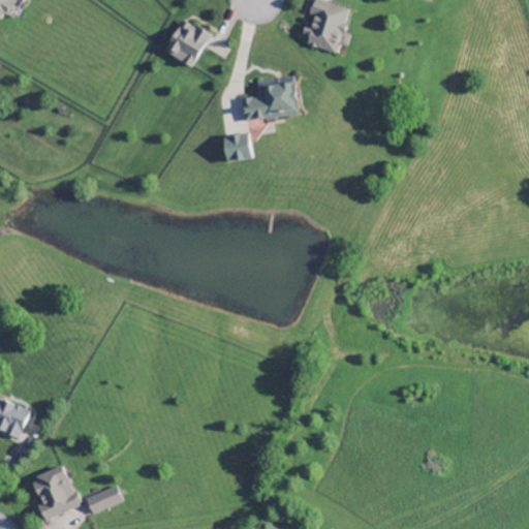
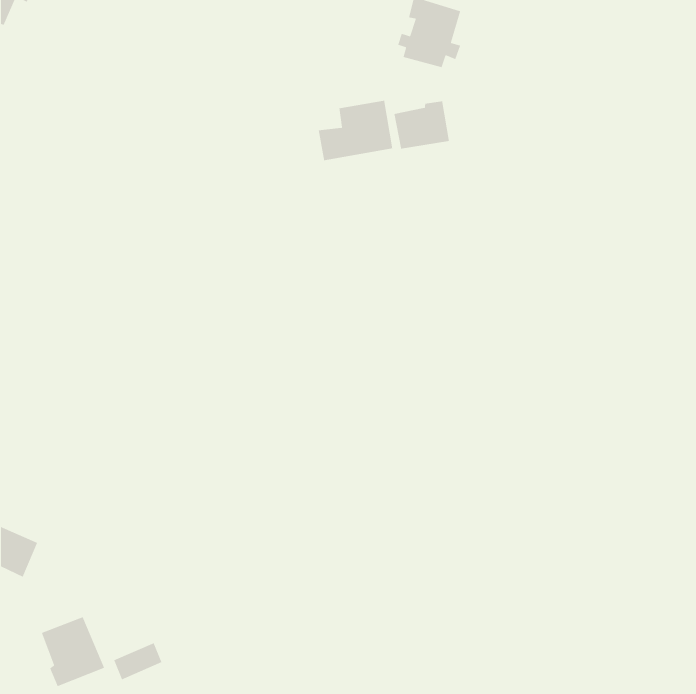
building: [164,19,210,66] -> none
building: none -> [394,100,450,150]
building: [222,132,251,161] -> none

